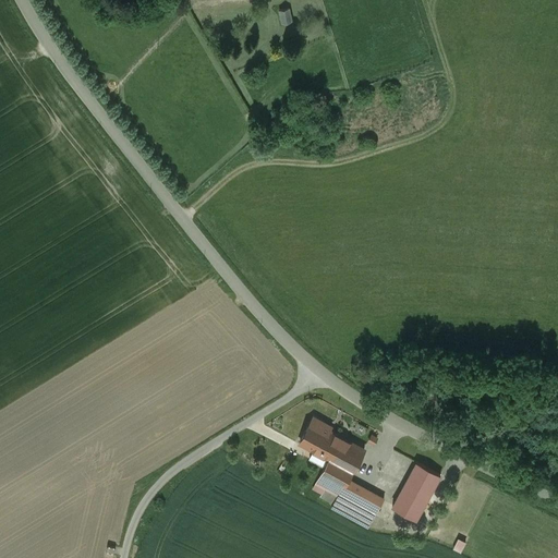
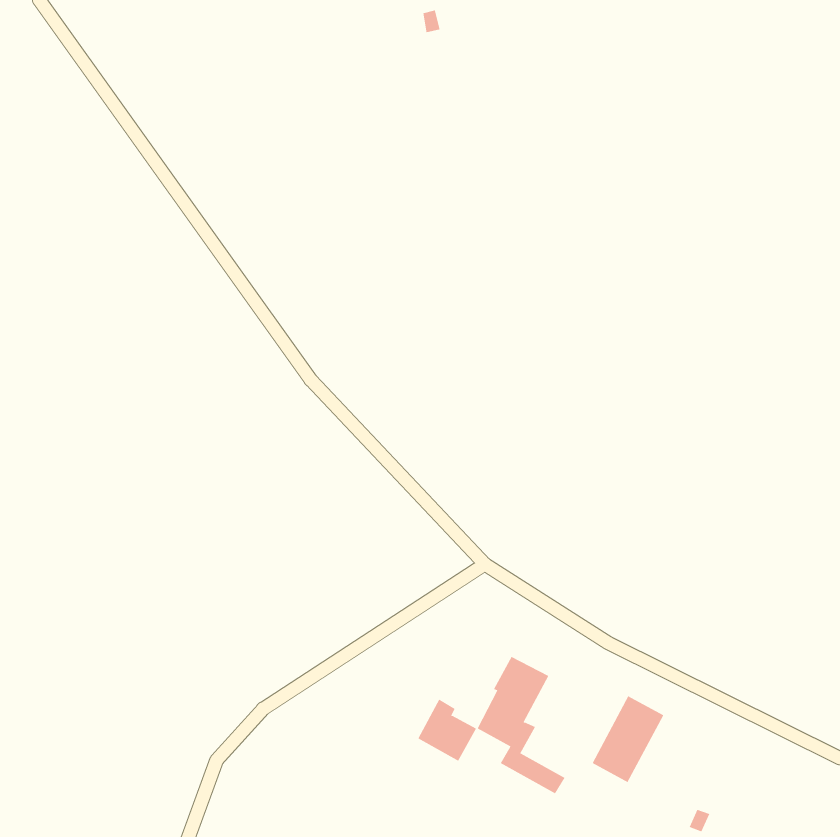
building: [300,417,339,459] -> [418,699,477,761]
building: [345,484,384,518] -> none

